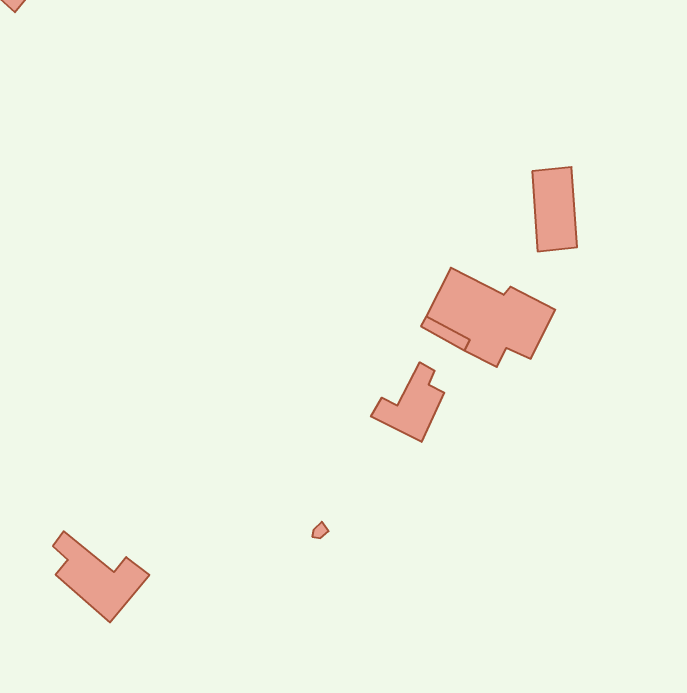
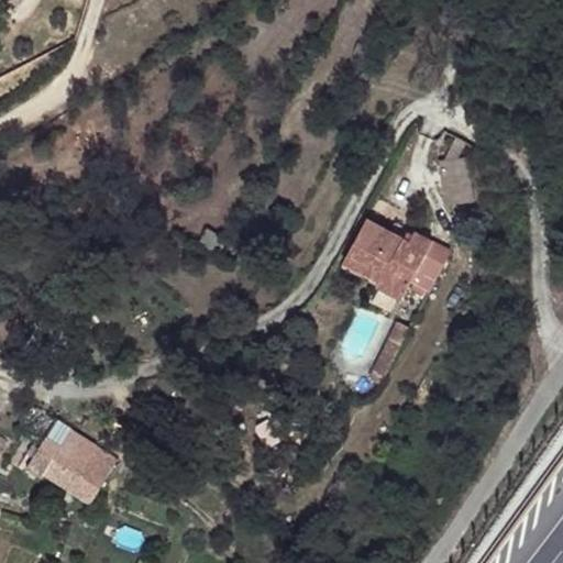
building: [371,362,444,442] -> none

